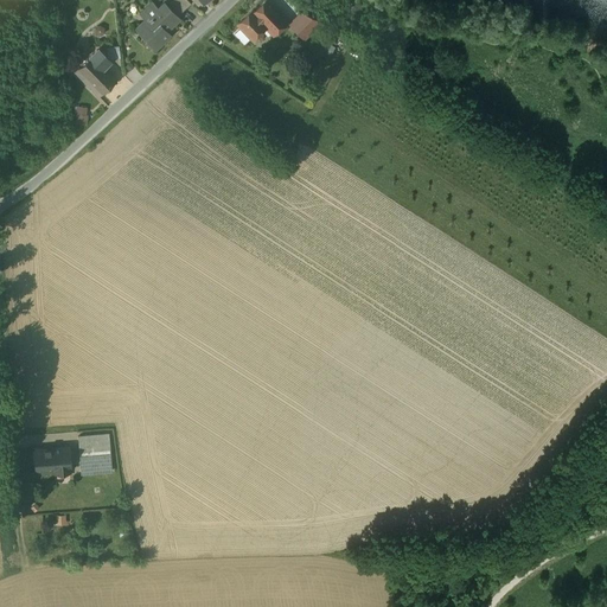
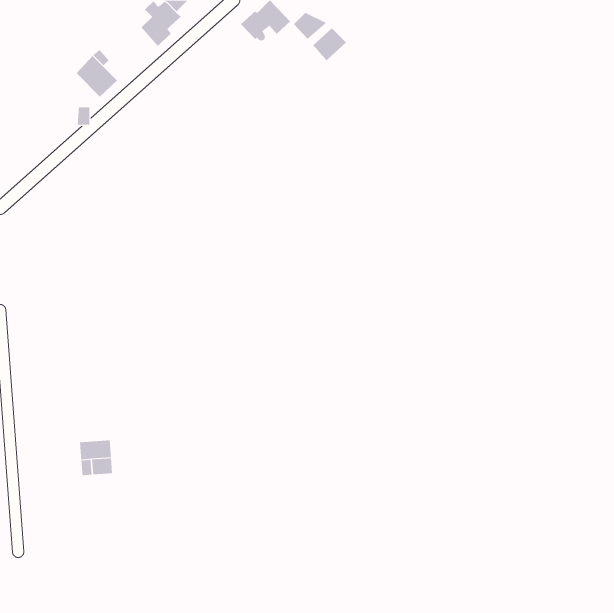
building: none -> [313,27,347,61]
building: [33,448,71,474] -> none

